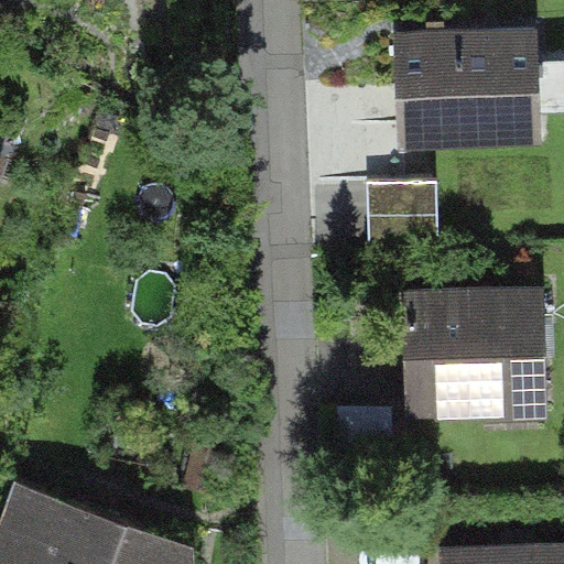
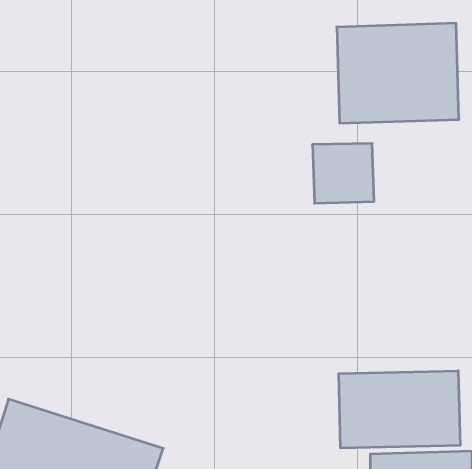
building: [398,285,546,421] -> none
building: none -> [339,371,460,448]

